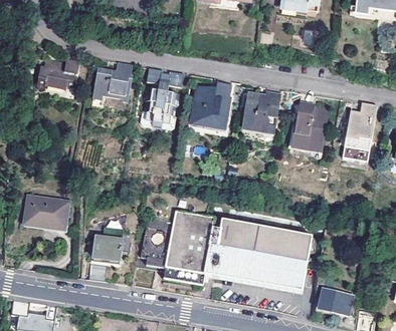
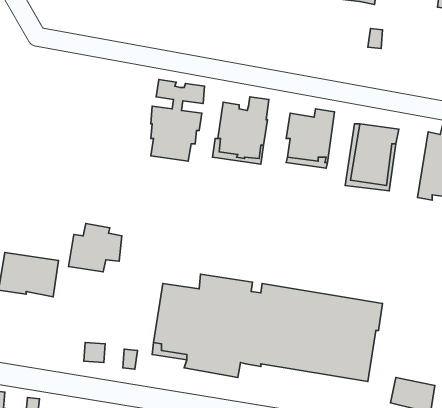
building: [33,55,76,89] -> none
building: [89,61,130,99] -> none
building: [93,228,134,264] -> [68,224,122,272]

